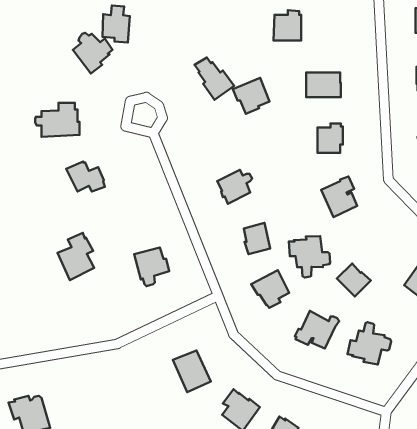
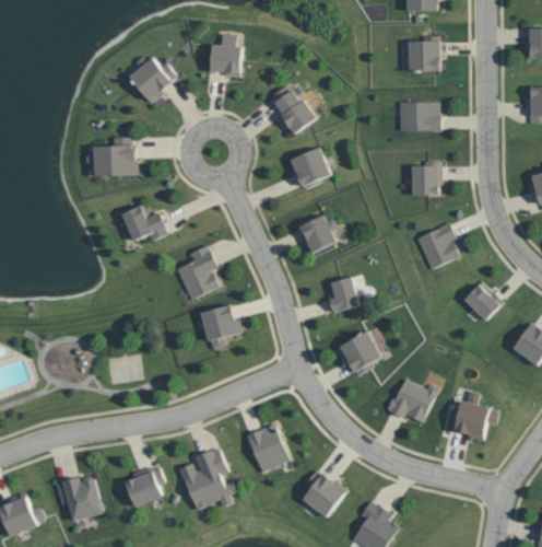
building: [102,6,130,42] -> [210,34,241,77]
building: [274,10,301,40] -> [408,35,439,70]
building: [233,78,270,114] -> [287,147,330,188]
building: [57,233,94,280] -> [176,245,219,300]
building: [289,236,330,277] -> none
building: [337,264,371,297] -> [463,281,503,319]
building: none -> [178,447,235,509]
building: none -> [123,466,164,505]

